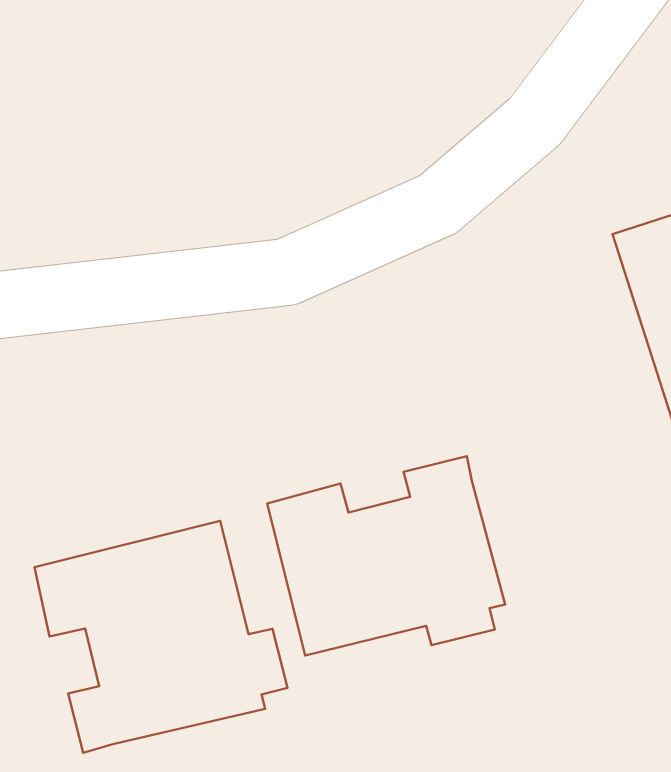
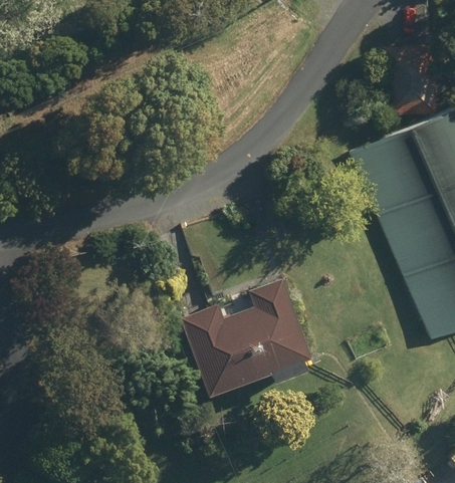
building: [34,521,287,753] -> none

